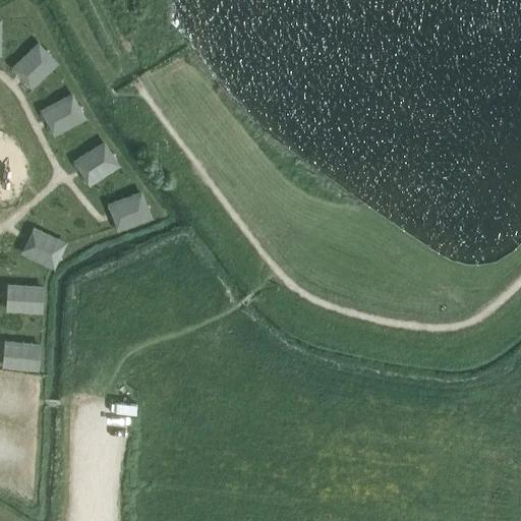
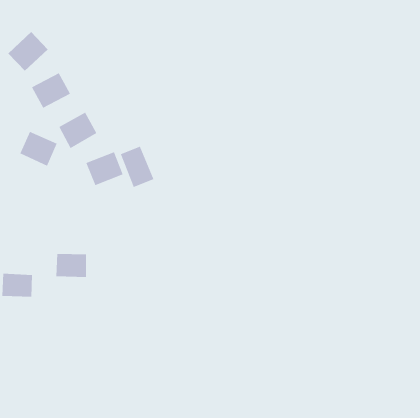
building: none -> [120,146,154,188]
building: [20,227,67,271] -> [20,131,58,167]
building: [5,284,44,313] -> [56,253,87,277]

